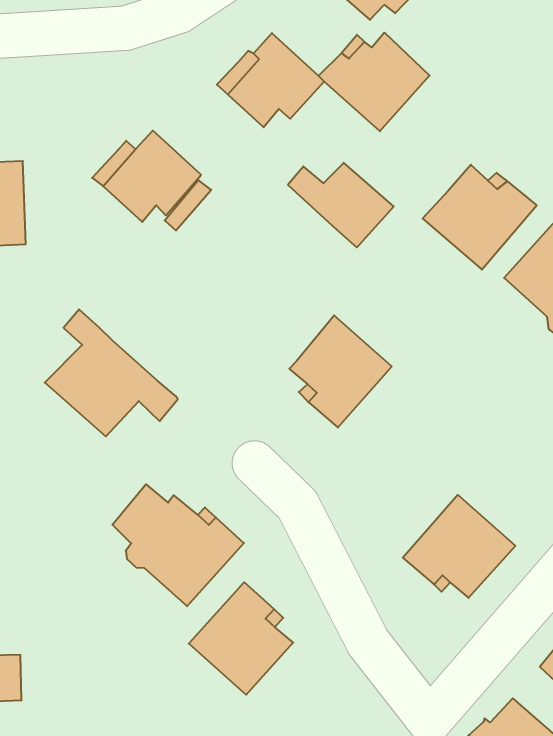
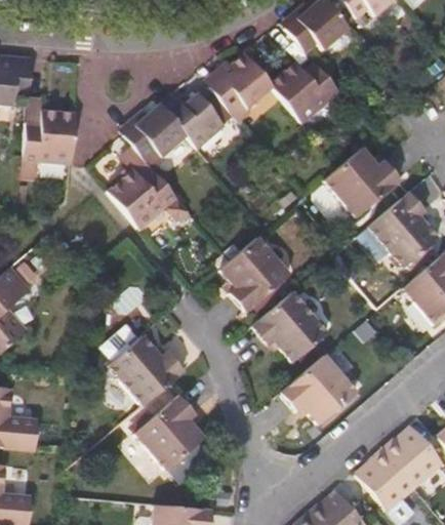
building: [288,163,394,247] -> [161,93,226,149]
building: [45,309,178,436] -> [108,147,190,229]
building: none -> [254,290,330,362]

